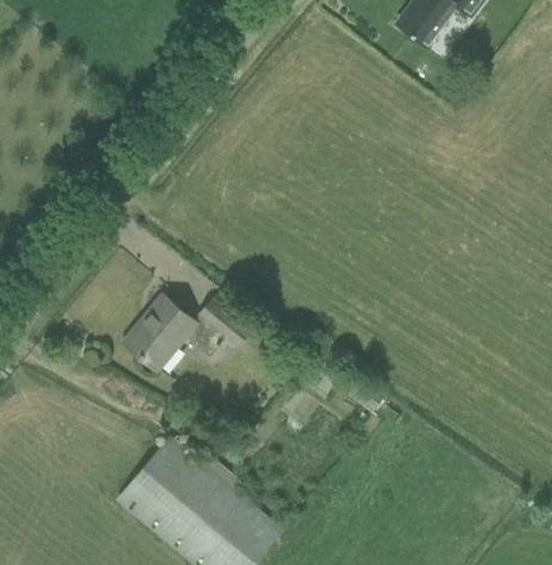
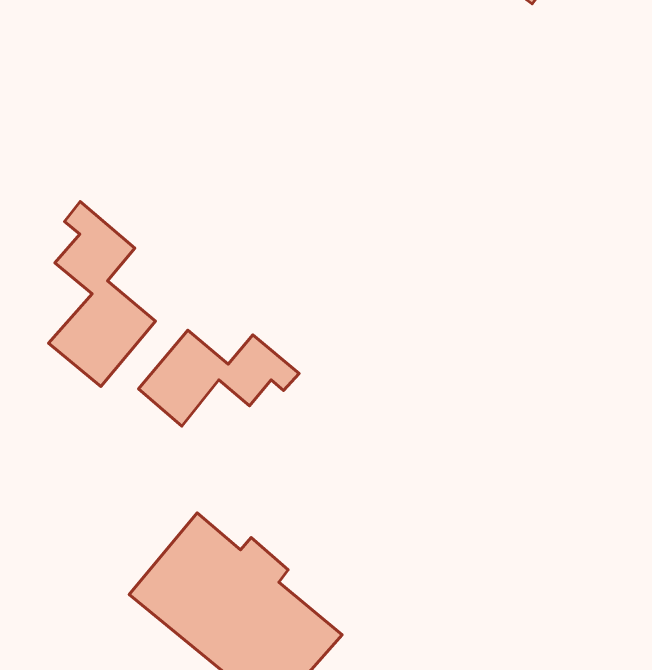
building: none -> [48,201,156,387]

